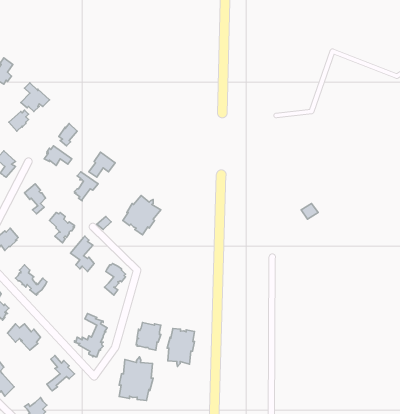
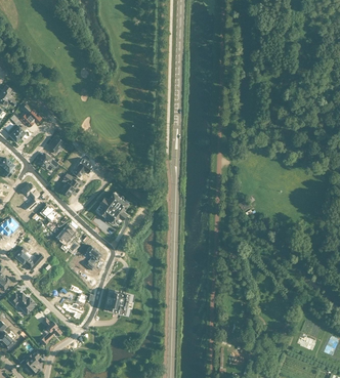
building: [167,328,195,367] -> none
building: [119,357,153,401] -> none

